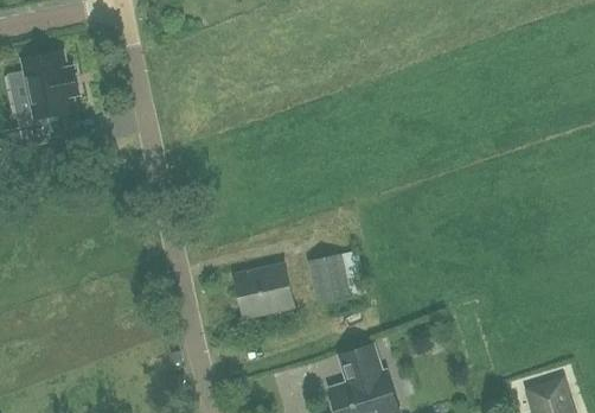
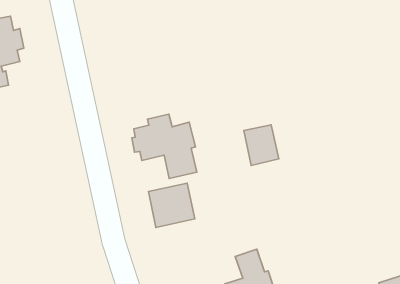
building: none -> [132,114,197,178]
building: [307,253,351,304] -> [244,125,279,165]

